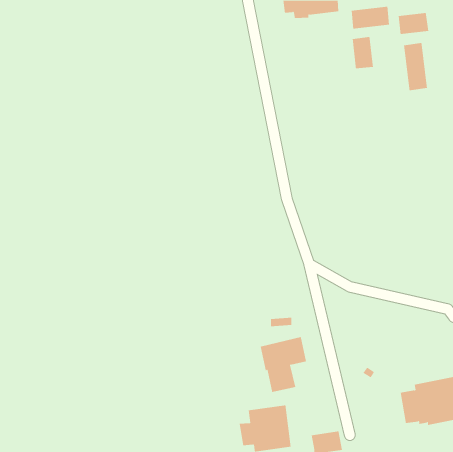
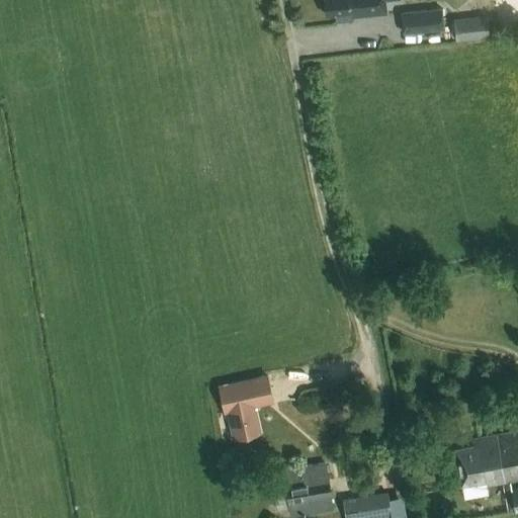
building: [352,36,373,69] -> none
building: [403,42,427,91] -> none
building: [260,337,307,393] -> [220,375,273,439]

